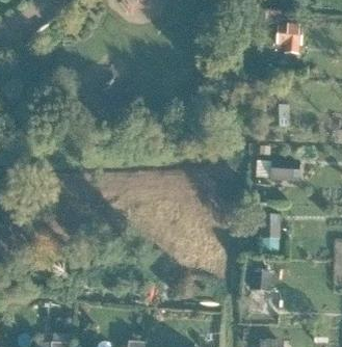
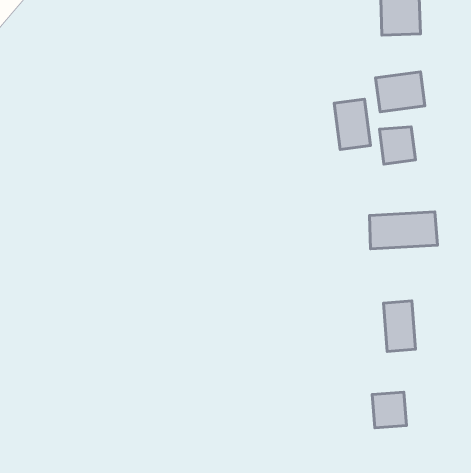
building: none -> [376,72,425,112]
building: none -> [334,99,370,149]

